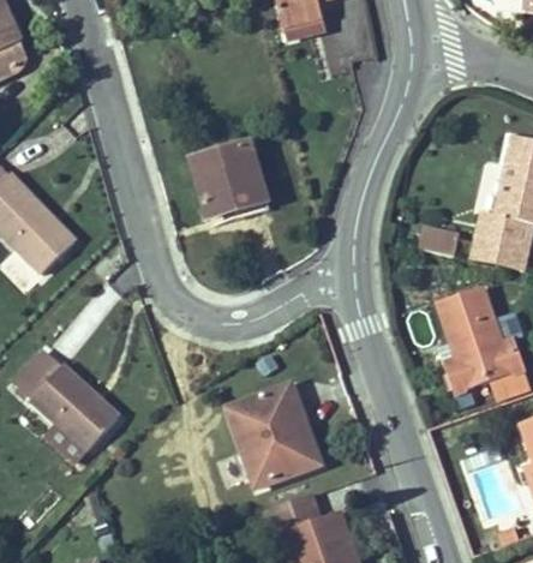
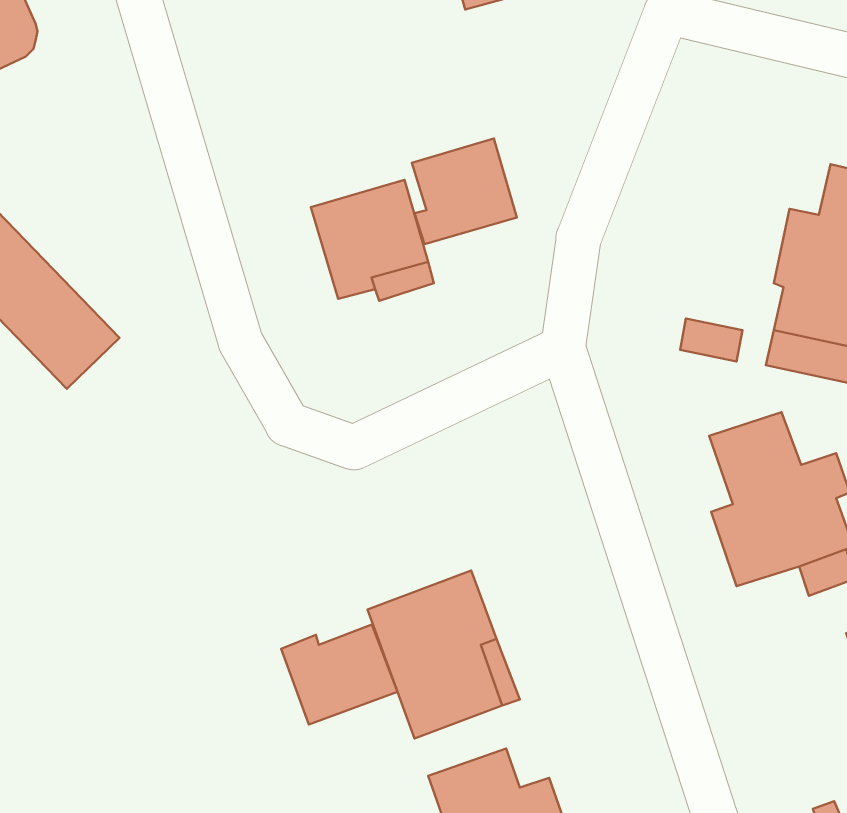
building: none -> [412,138,517,244]
building: [16,351,120,461] -> none
building: none -> [281,624,397,725]

